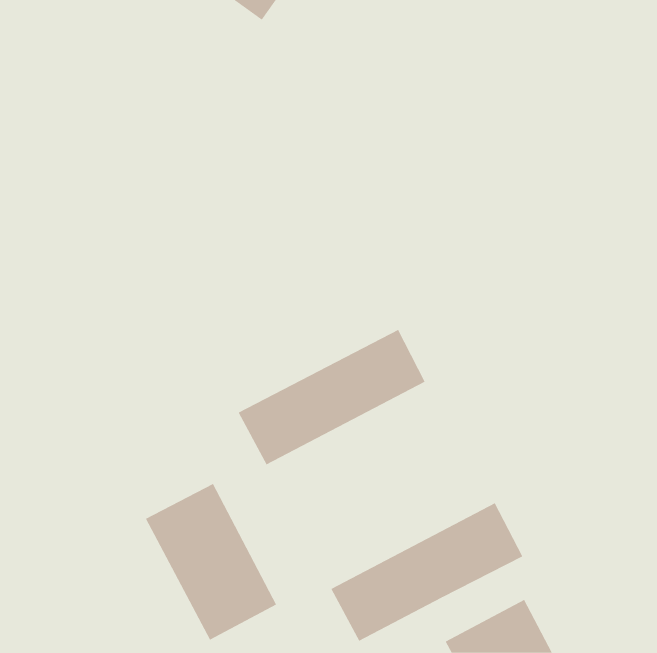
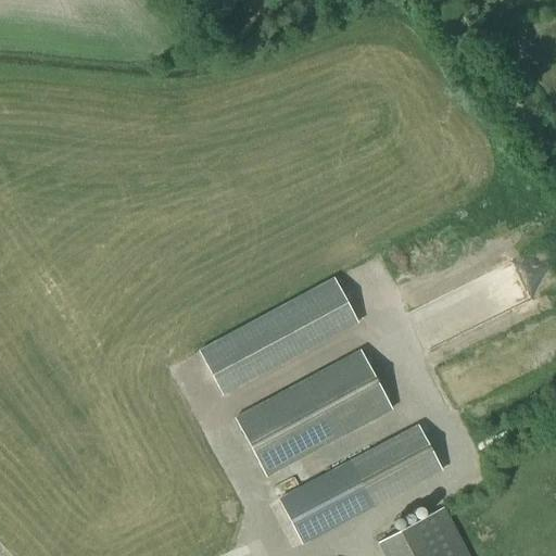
building: none -> [237,350,392,475]
building: [145,483,277,641] -> none

